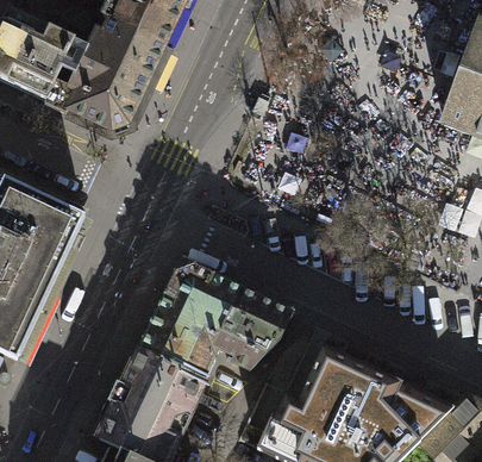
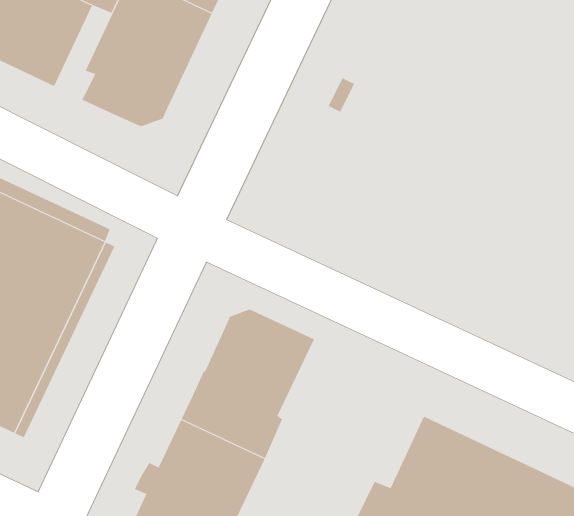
building: [211,288,289,369] -> none

